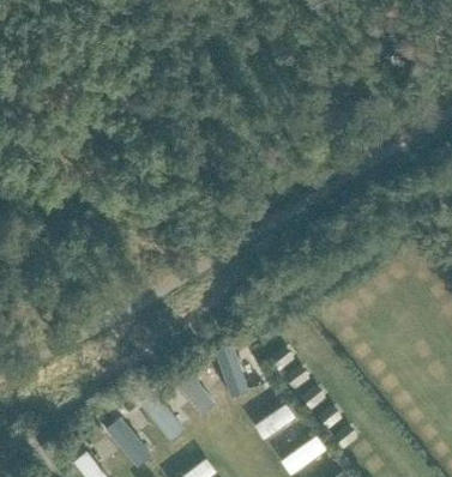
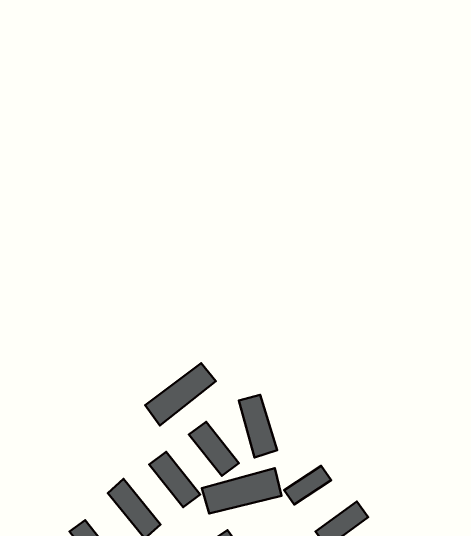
building: none -> [145,363,216,425]
building: none -> [202,468,281,514]

